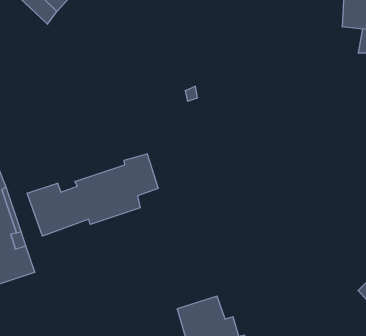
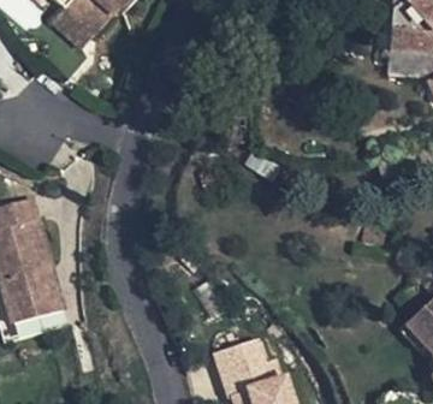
building: [27,154,158,236] -> none

